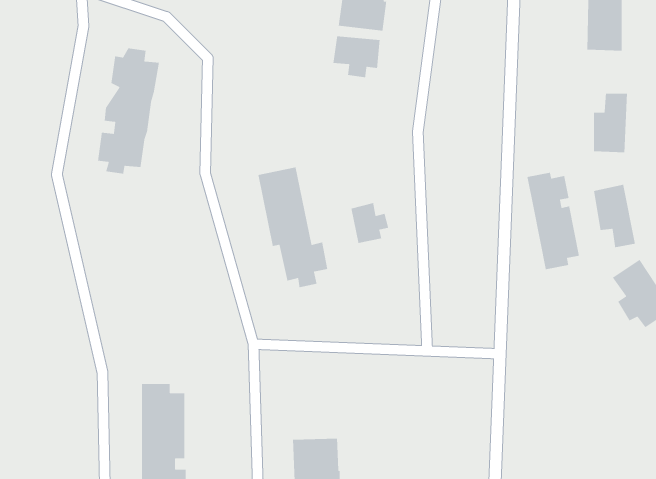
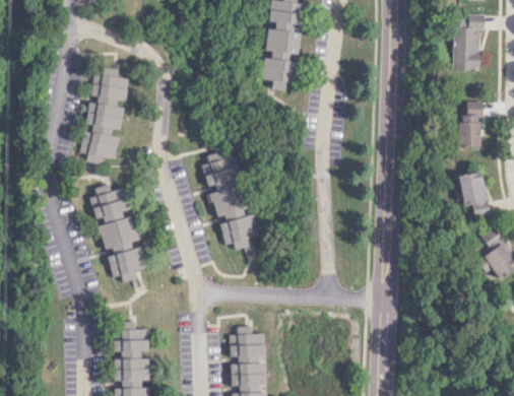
building: [527,172,580,270] -> none
building: [350,202,389,244] -> none
building: none -> [90,187,148,282]
building: none -> [230,326,264,356]

